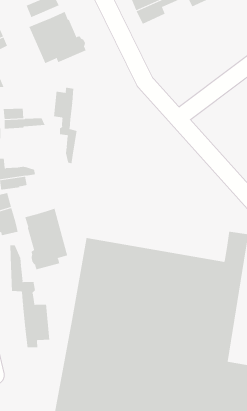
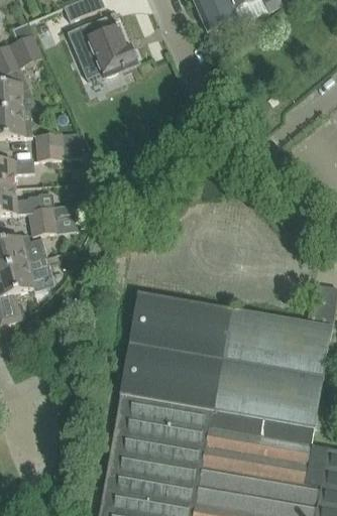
building: [53,87,77,164] -> none
building: [25,208,68,270] -> none
building: [10,244,50,348] -> none

